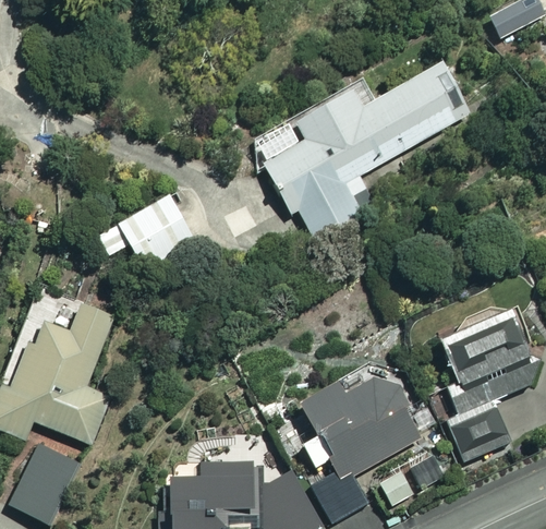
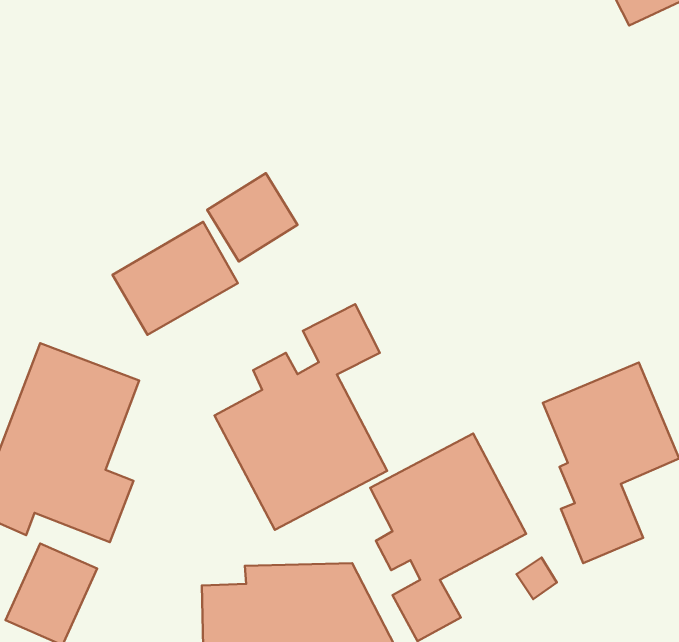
building: [252,37,471,243] -> none
building: none -> [207,173,298,262]
building: none -> [215,304,387,530]

